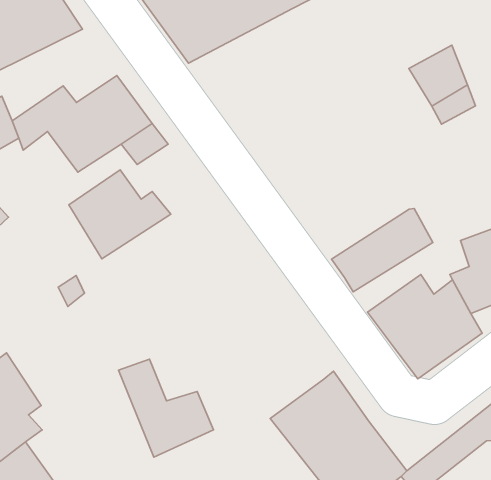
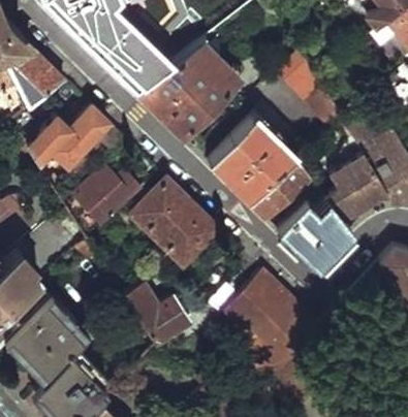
building: none -> [136,46,237,138]
building: none -> [209,119,293,202]
building: none -> [130,180,218,266]

